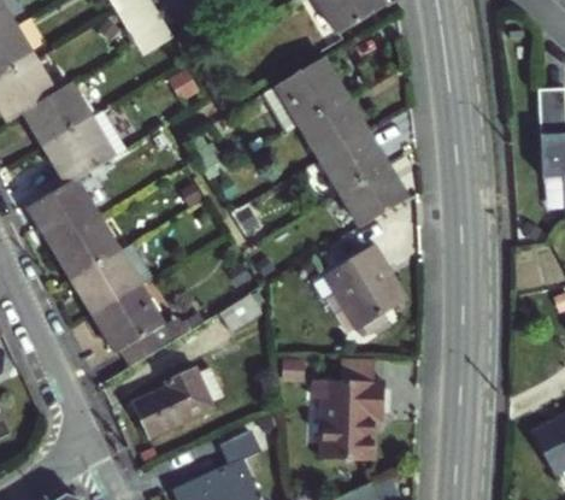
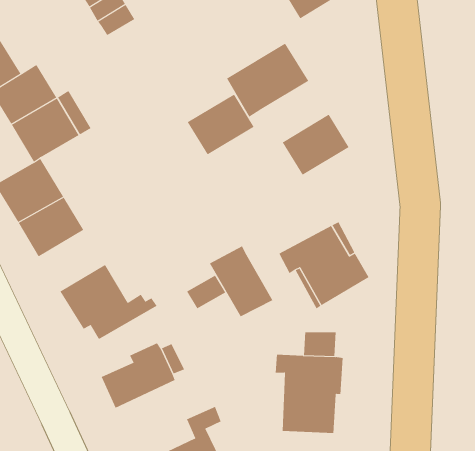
building: [300,100,369,163] -> [187,94,254,155]
building: [341,167,412,231] -> none
building: [72,252,141,314] -> none
building: none -> [209,245,273,317]

